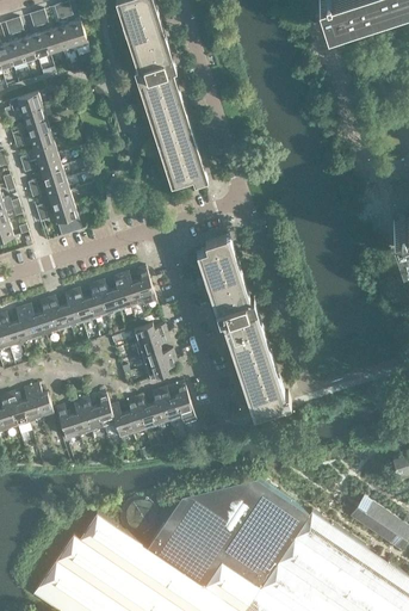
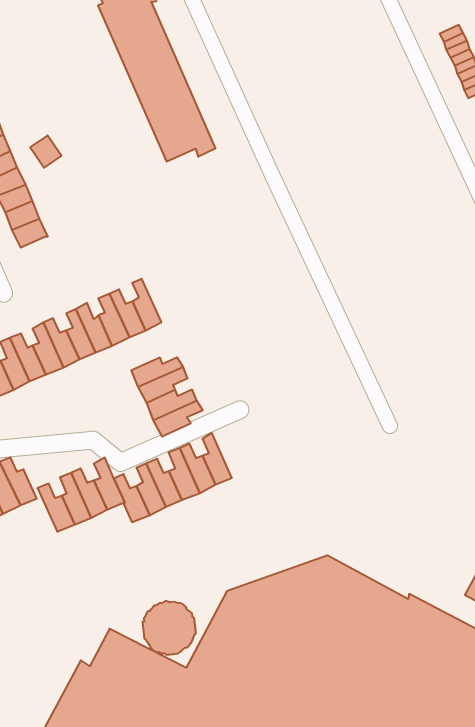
building: [194,235,289,413] -> none

